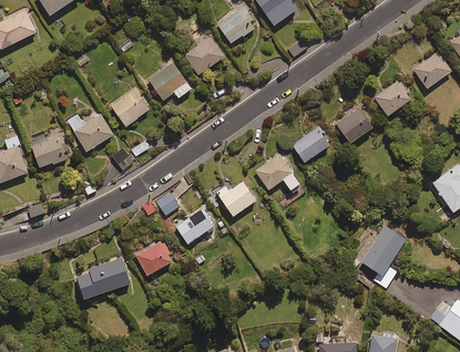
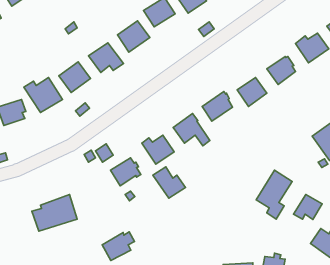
building: none -> [153,167,185,198]
building: [135,239,176,276] -> [102,232,134,261]
building: none -> [293,195,322,219]

